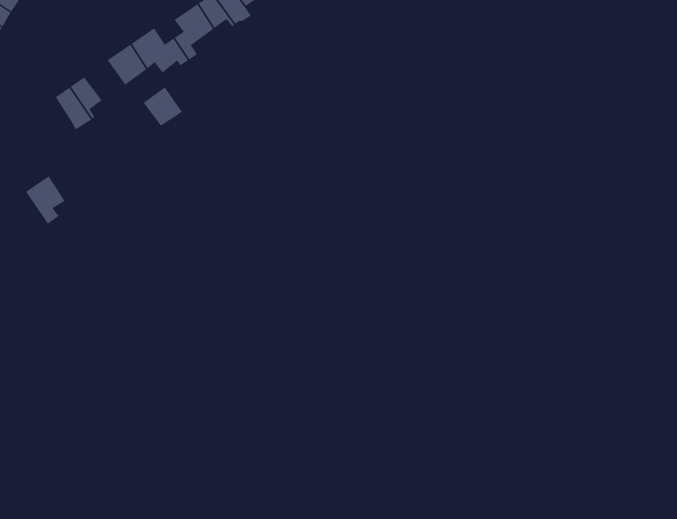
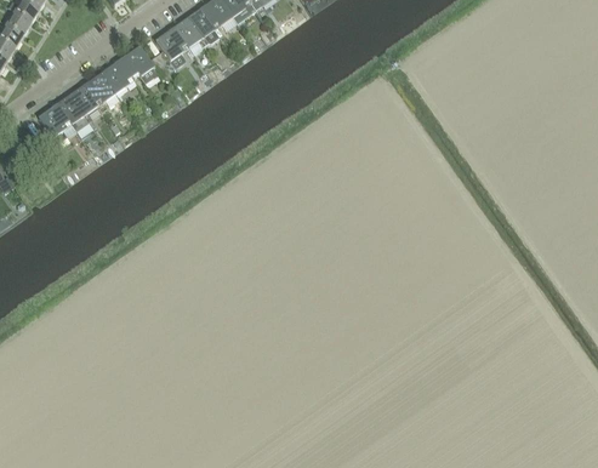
building: [143,86,183,127] -> [82,72,115,104]
building: [25,176,65,225] -> [39,102,72,142]

